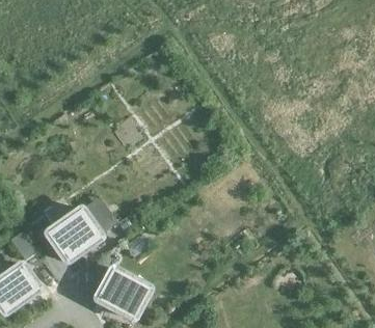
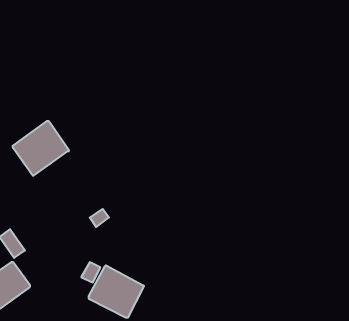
building: [47,210,102,263] -> [13,121,69,176]

